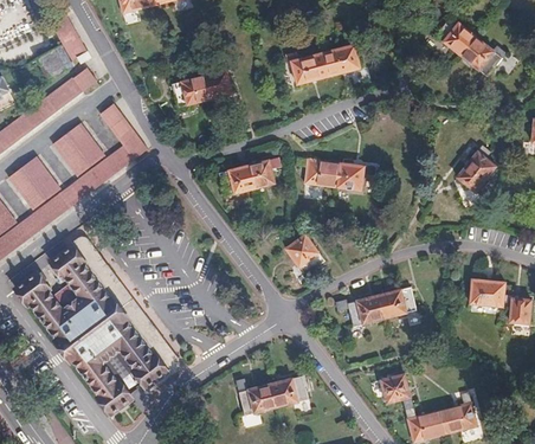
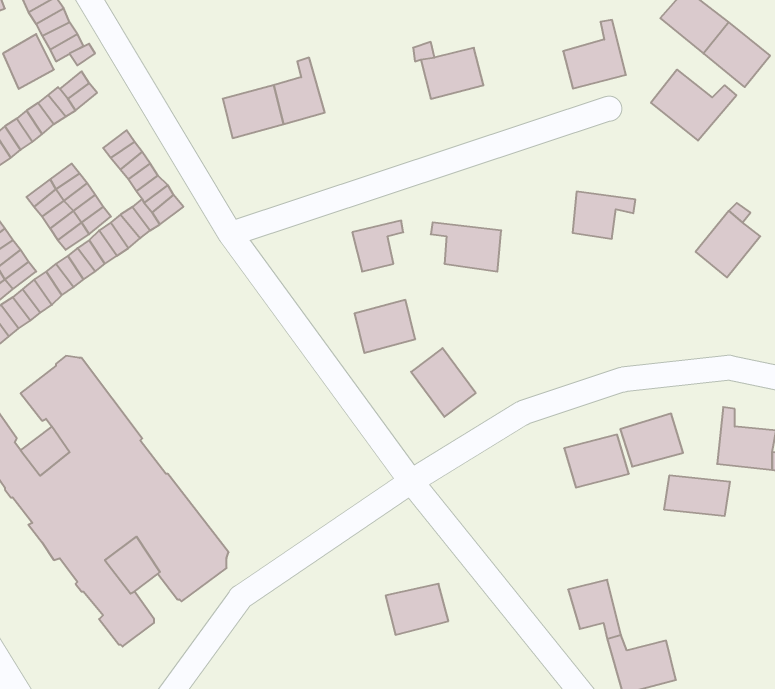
building: [323,34,361,76] -> [563,20,626,89]
building: none -> [651,70,736,141]
building: [337,163,375,192] -> [573,192,635,239]
building: [219,165,256,197] -> [354,300,415,353]
building: [347,295,385,327] -> [620,414,683,467]
building: none -> [664,475,730,516]
building: [236,380,276,416] -> none
building: [439,393,477,435] -> none

